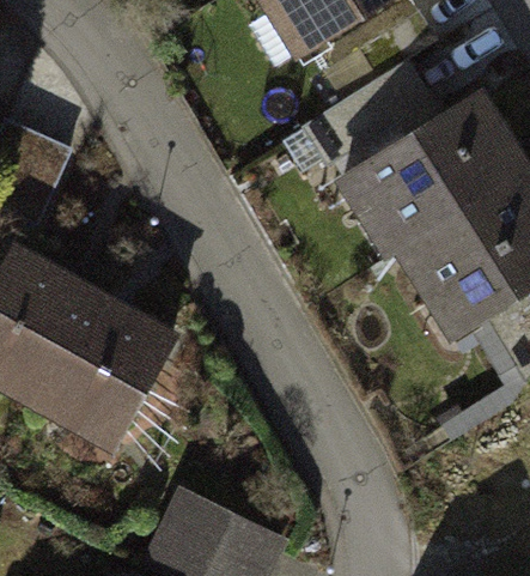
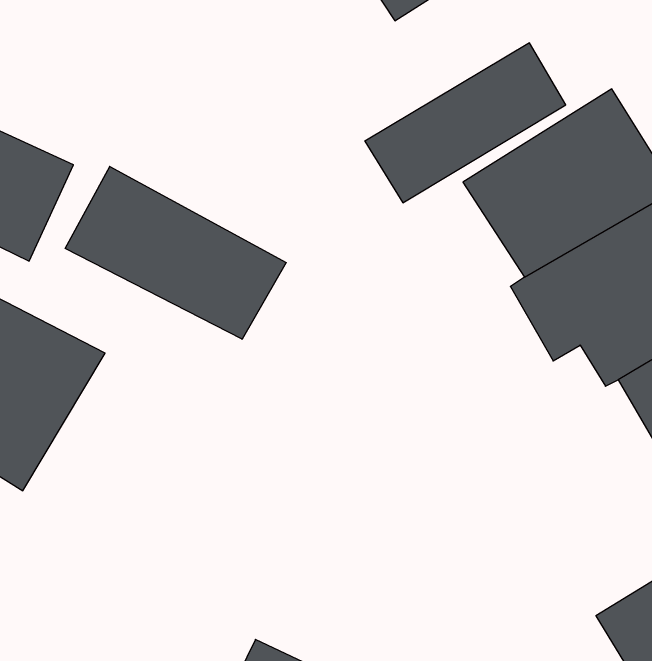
building: none -> [65,166,286,339]
building: [33,293,175,430] -> none

